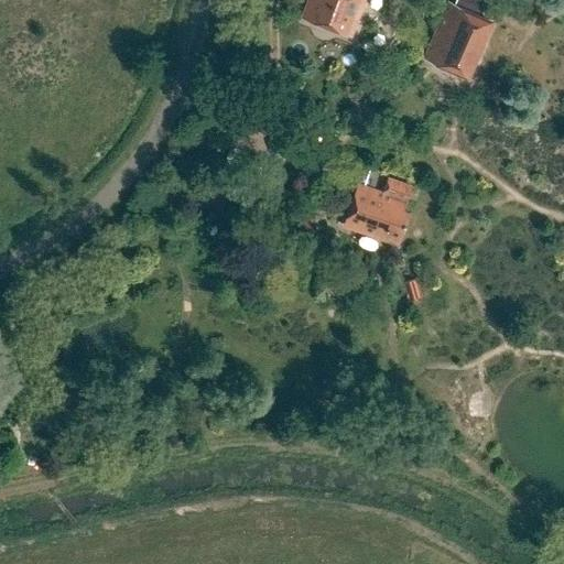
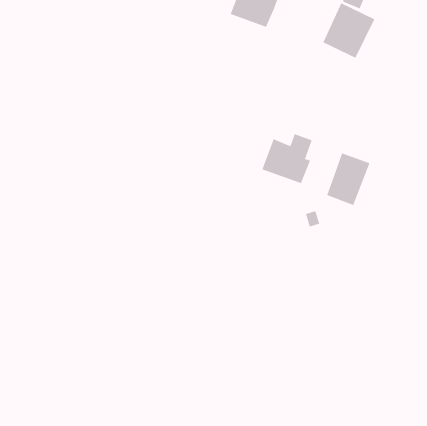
building: none -> [326,153,370,206]

